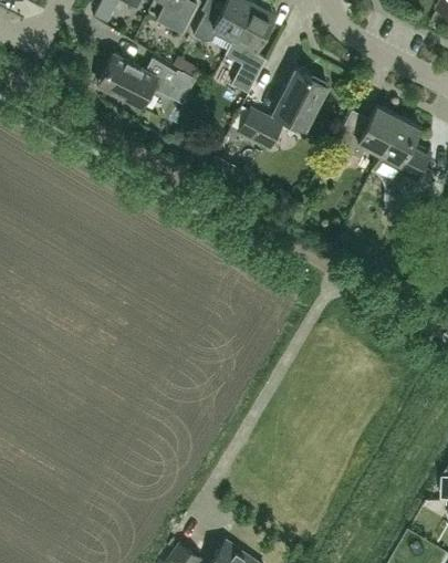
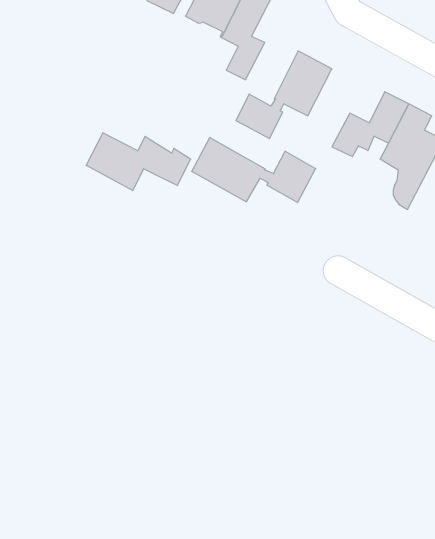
building: [100,54,196,107] -> [86,133,191,190]
building: none -> [192,137,316,203]

